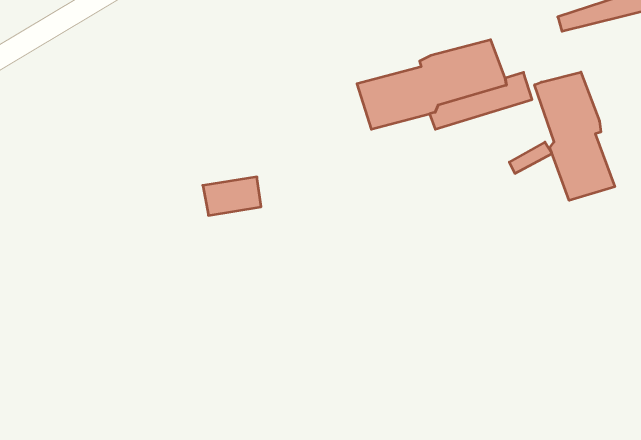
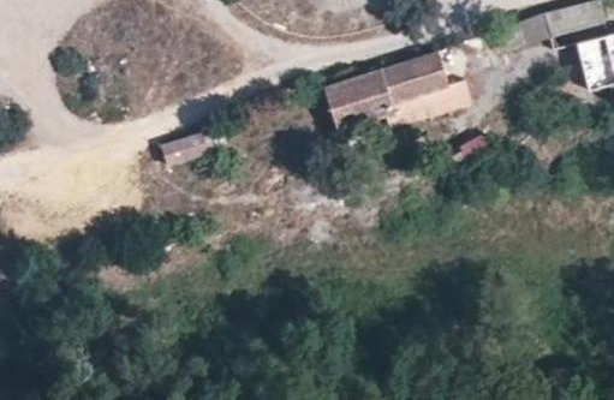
building: [535,72,615,200] -> none
building: [203,177,261,215] -> [163,131,213,163]

